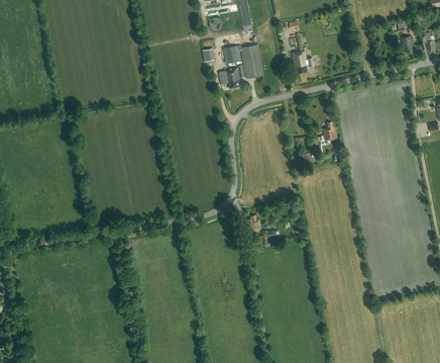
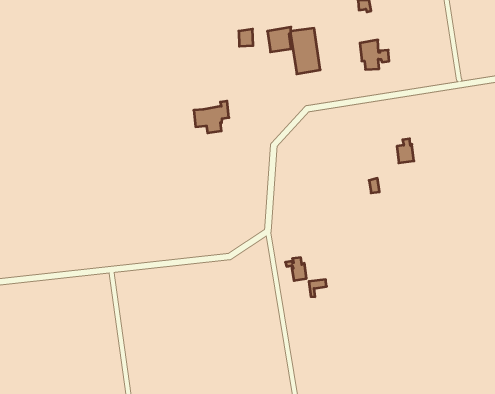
building: [218,64,244,88] -> [194,101,229,133]

